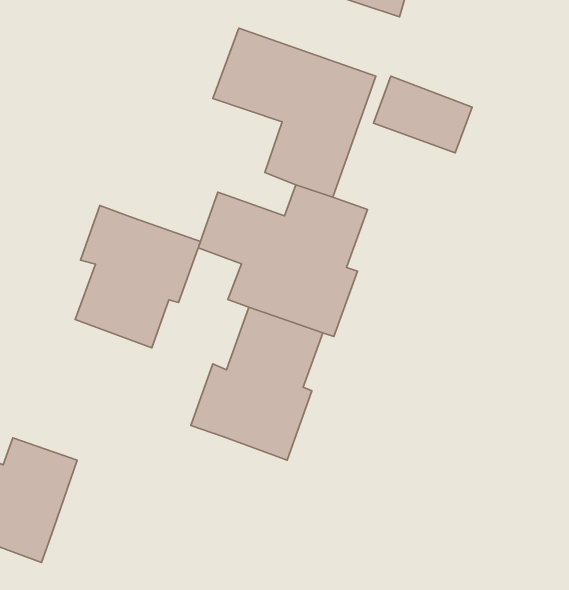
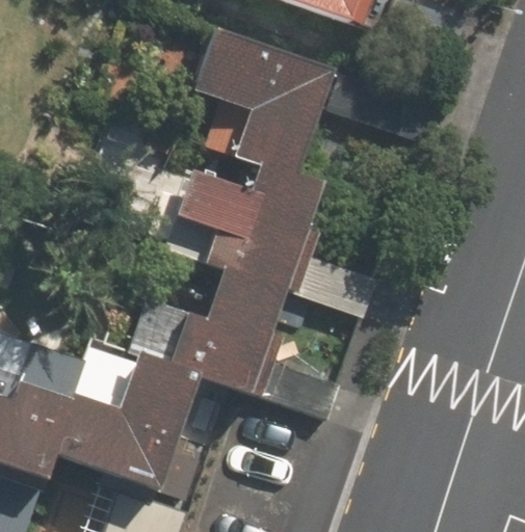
building: [75,206,200,348] -> none
building: none -> [59,353,202,487]

